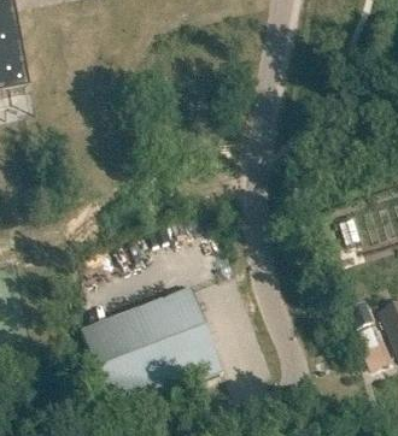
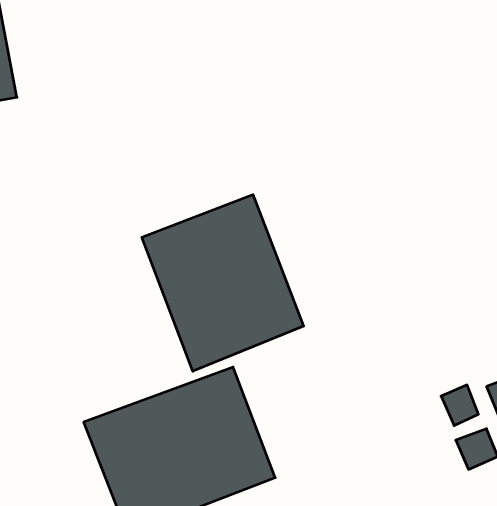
building: none -> [142,195,304,371]

